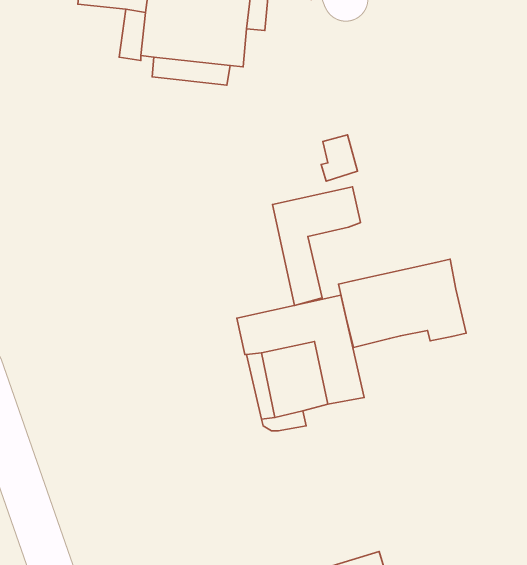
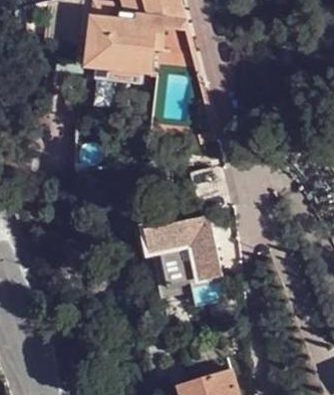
building: [272,187,360,305] -> none
building: [338,259,466,348] -> none

